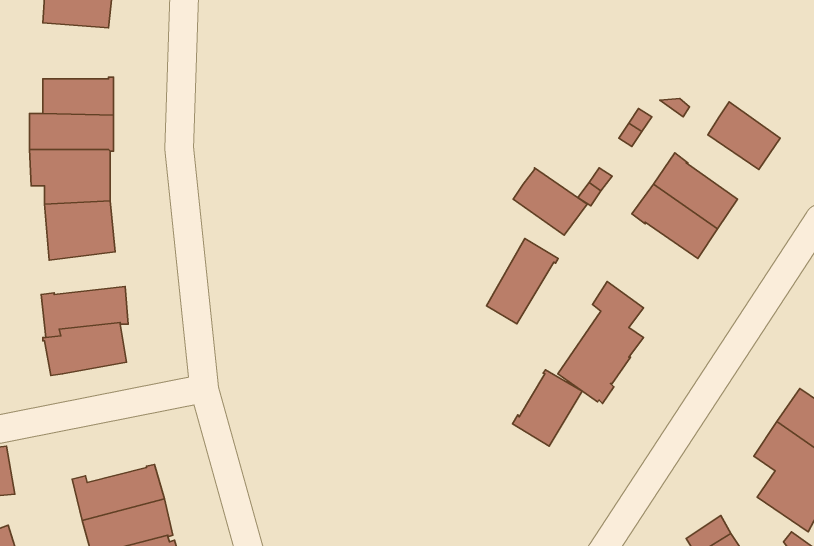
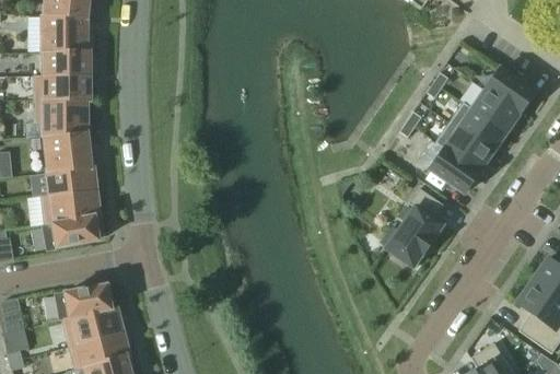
building: none -> [43,15,86,52]
building: none -> [470,90,518,132]
building: [513,168,587,235] -> [429,148,478,192]
building: [486,239,558,324] -> none
building: none -> [47,166,97,196]
building: [513,370,582,446] -> none
building: none -> [56,285,112,320]

